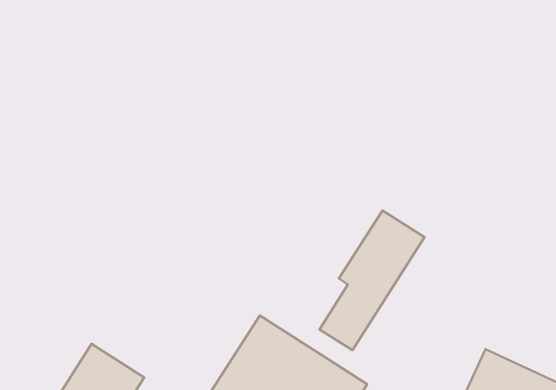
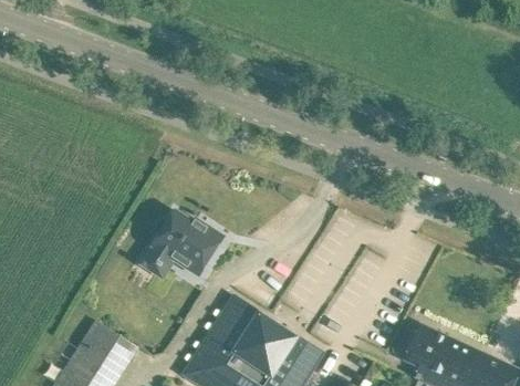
building: [320,210,424,350] -> none
building: none -> [141,212,222,280]

